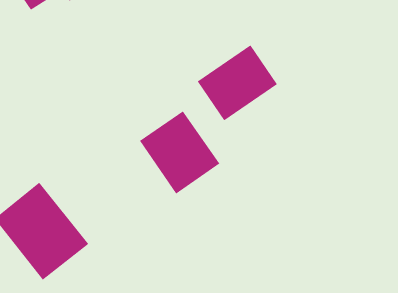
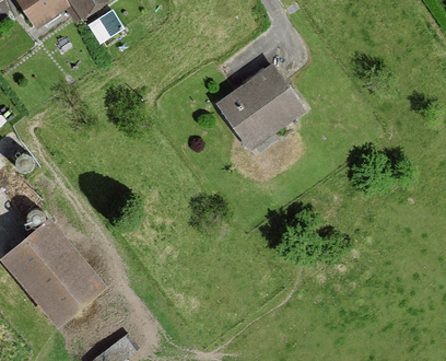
building: [139,111,220,195] -> none

